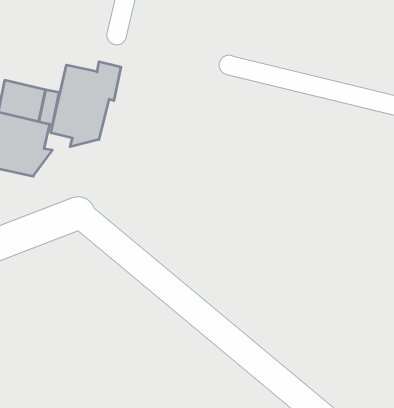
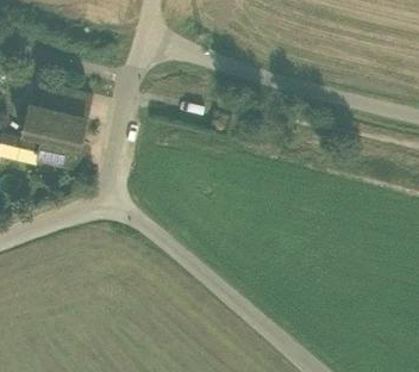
building: [51,62,121,147] -> none

